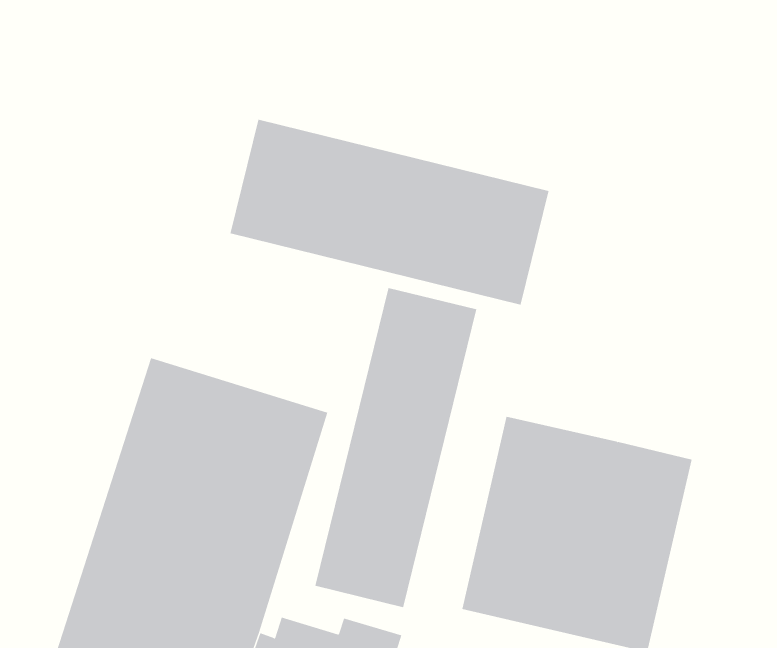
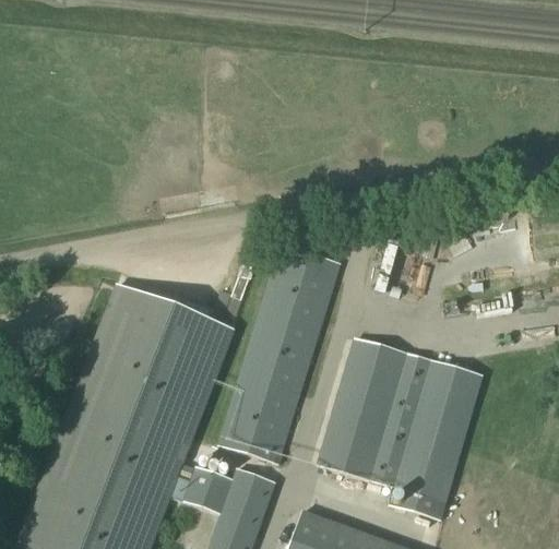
building: [230,119,549,305] -> none

